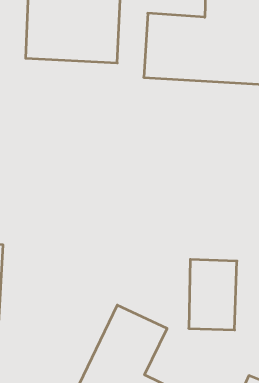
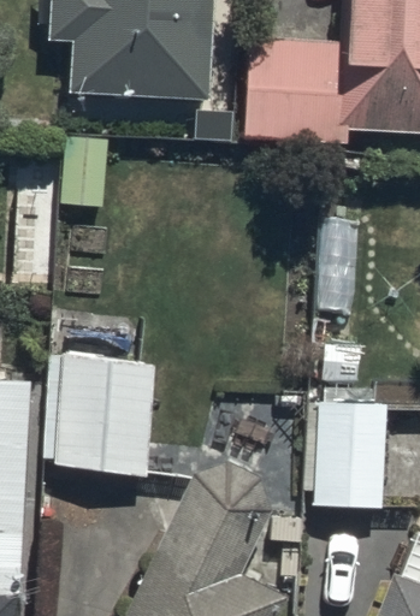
building: none -> [40,351,154,470]

